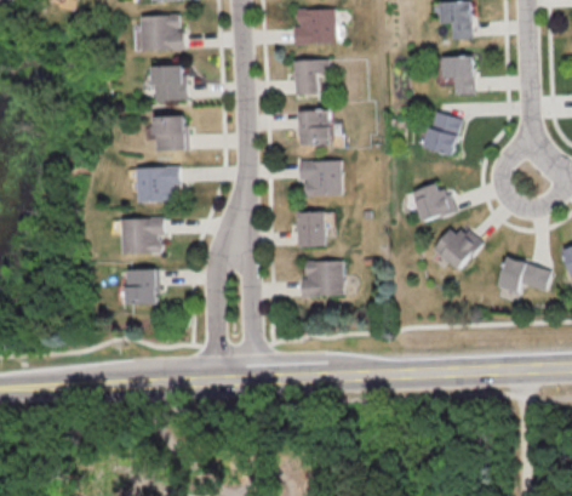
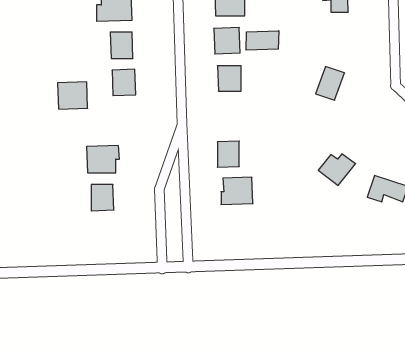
building: [445,58,477,92] -> none
building: none -> [246,31,279,50]
building: [297,160,341,195] -> none
building: [138,166,178,203] -> [58,82,88,109]
building: [411,183,446,220] -> none

